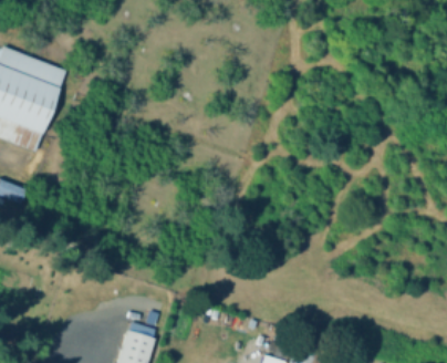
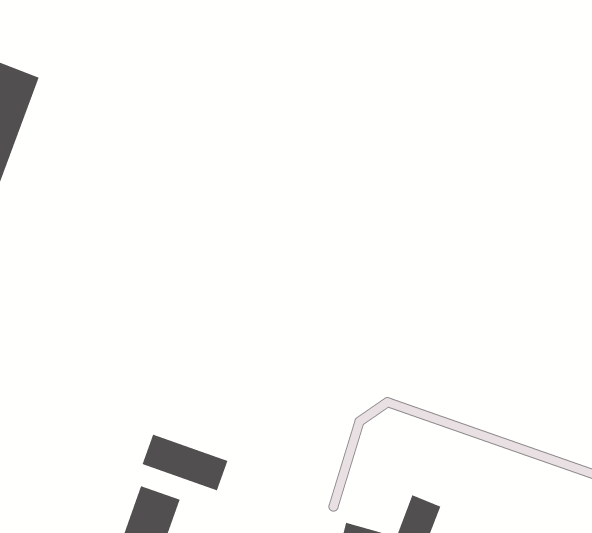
building: none -> [142,434,228,491]

